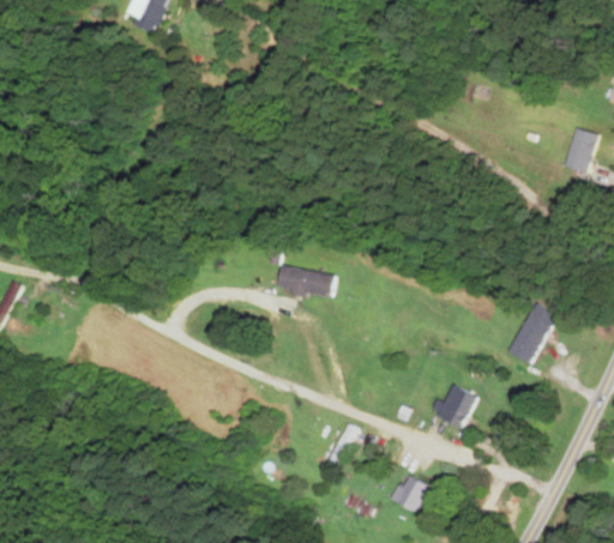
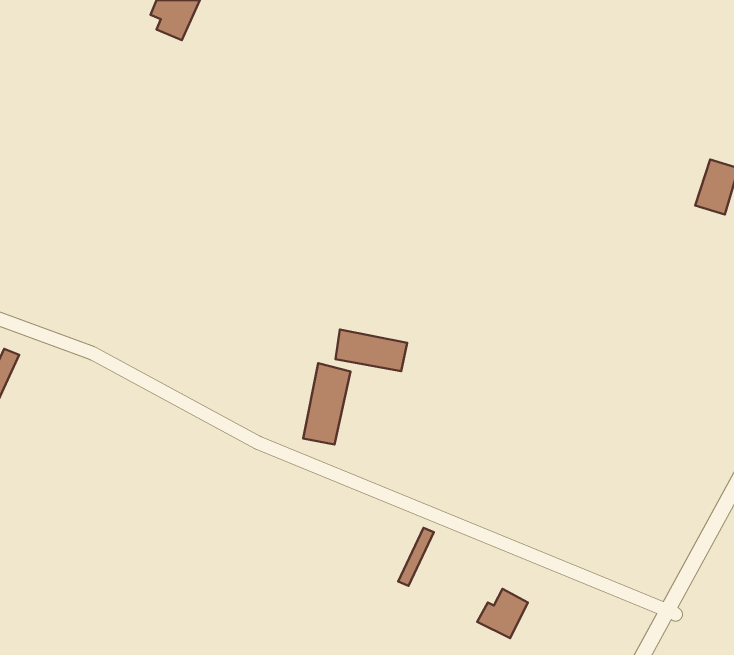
building: none -> [303,363,351,444]
building: [506,302,556,362] -> none
building: [438,382,478,427] -> none

